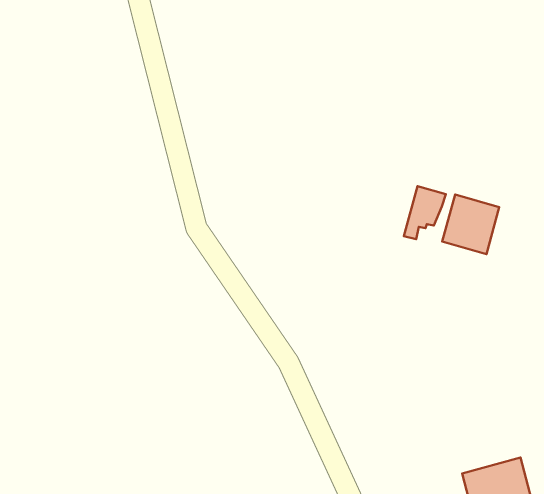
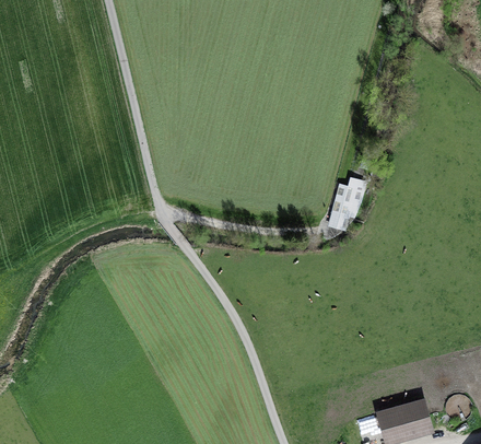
building: [442,194,499,254] -> none

